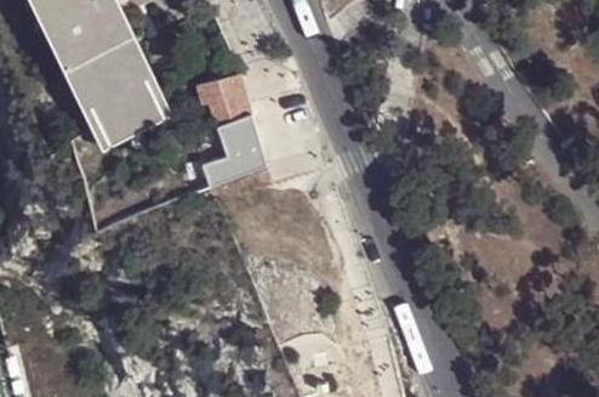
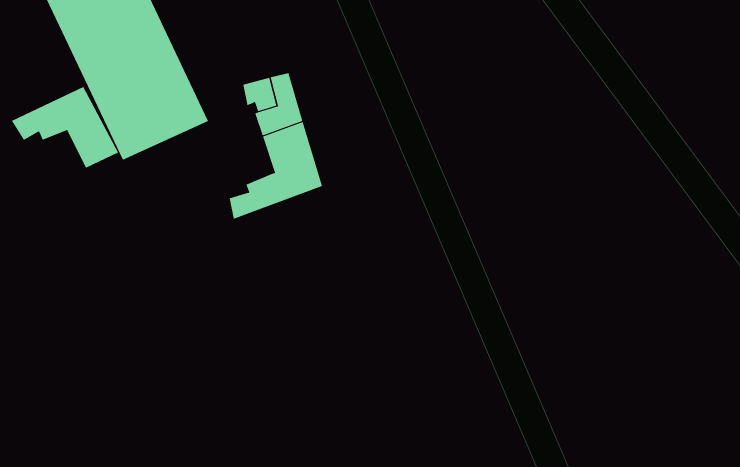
building: none -> [11,86,119,169]

